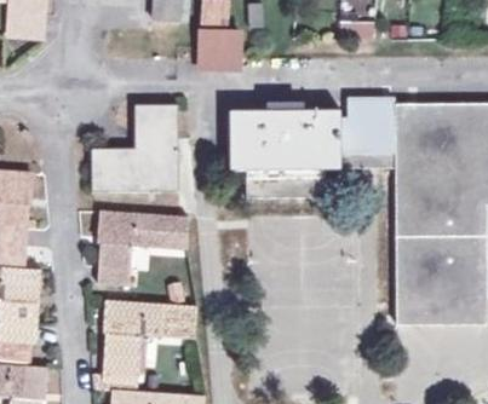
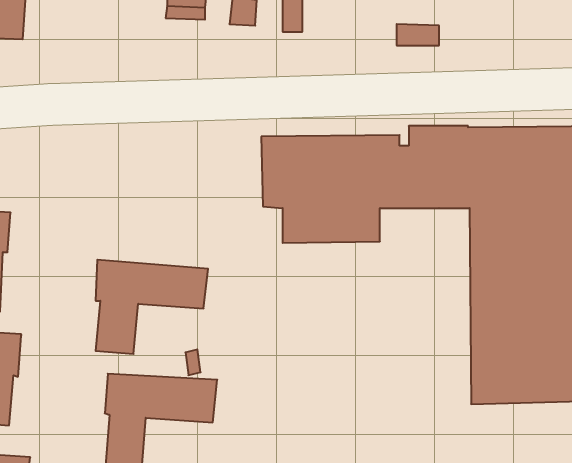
building: [200,30,241,68] -> none
building: [92,105,177,189] -> none

